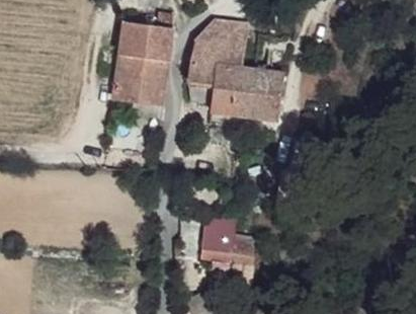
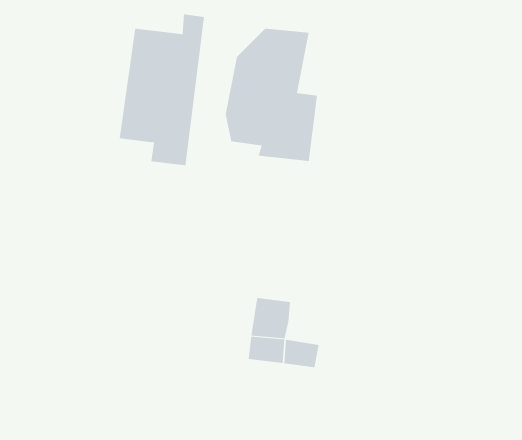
building: [247,70,282,120] -> none

